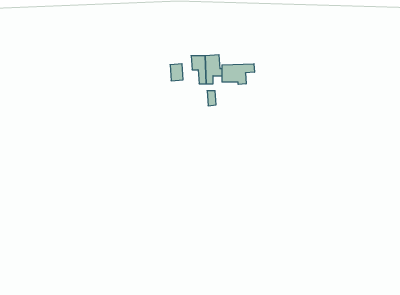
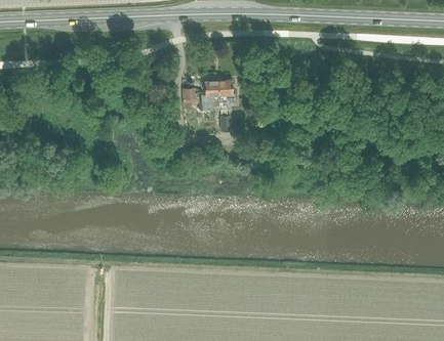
building: [222,64,254,84] -> none

